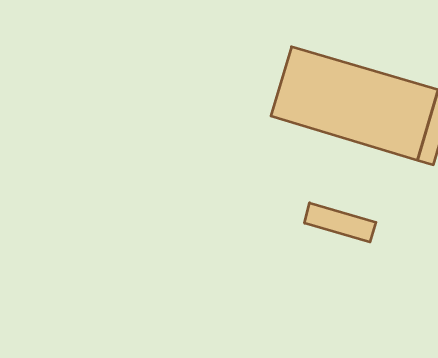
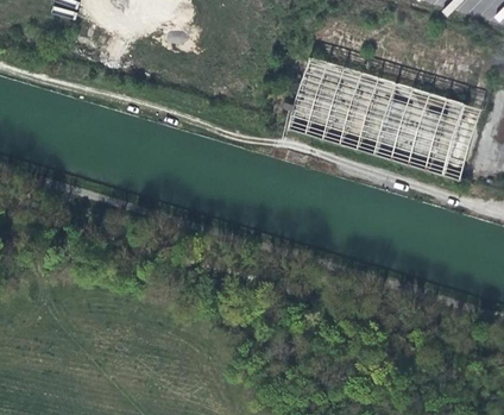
building: [305,203,376,242] -> none

